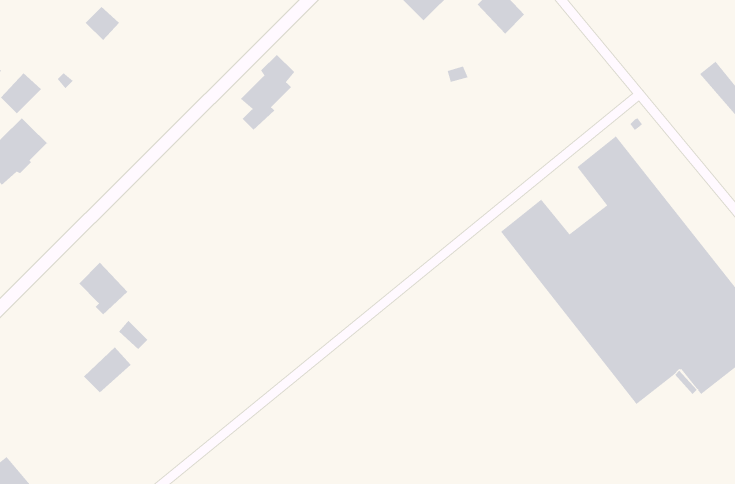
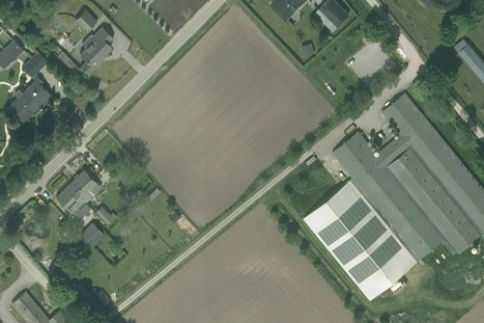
building: [240,54,295,130] -> [79,27,113,75]
building: none -> [305,180,417,301]
building: none -> [56,184,90,220]

